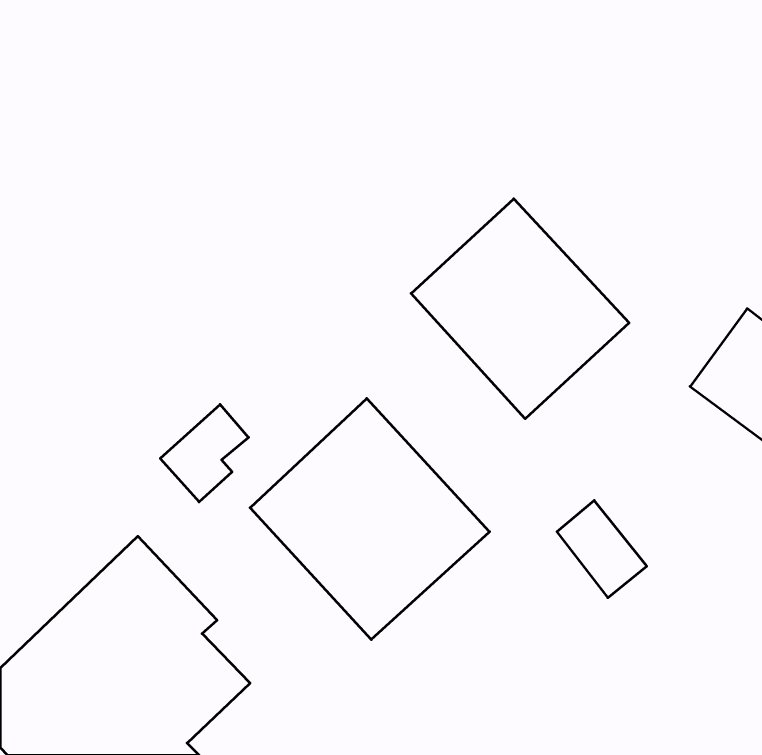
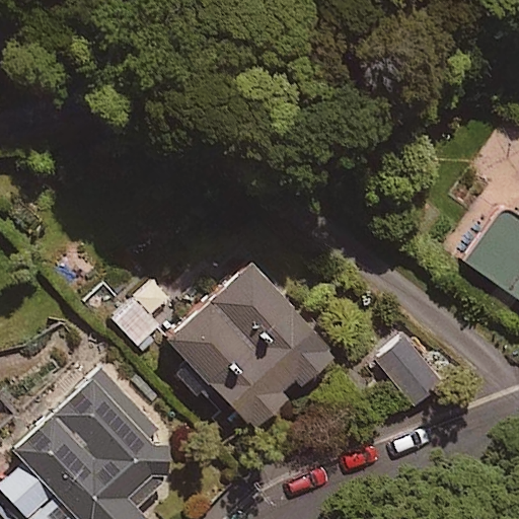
building: [411,199,629,419] -> none

